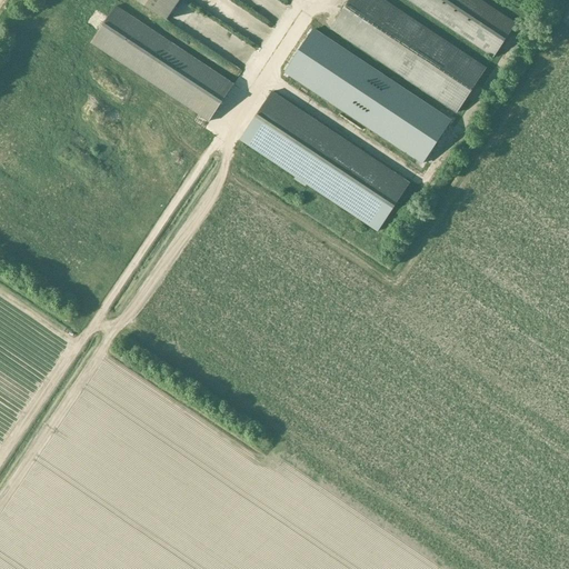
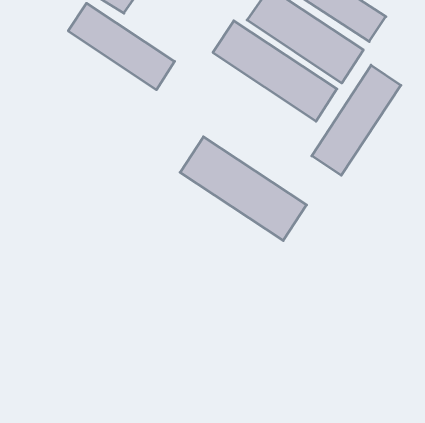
building: none -> [312,65,401,175]
building: [240,90,409,229] -> [180,137,307,241]

